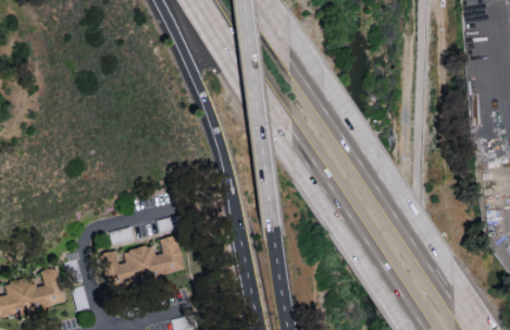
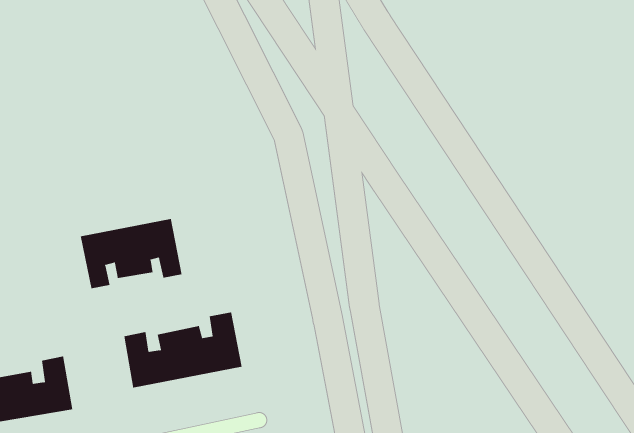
building: none -> [80,218,182,289]

